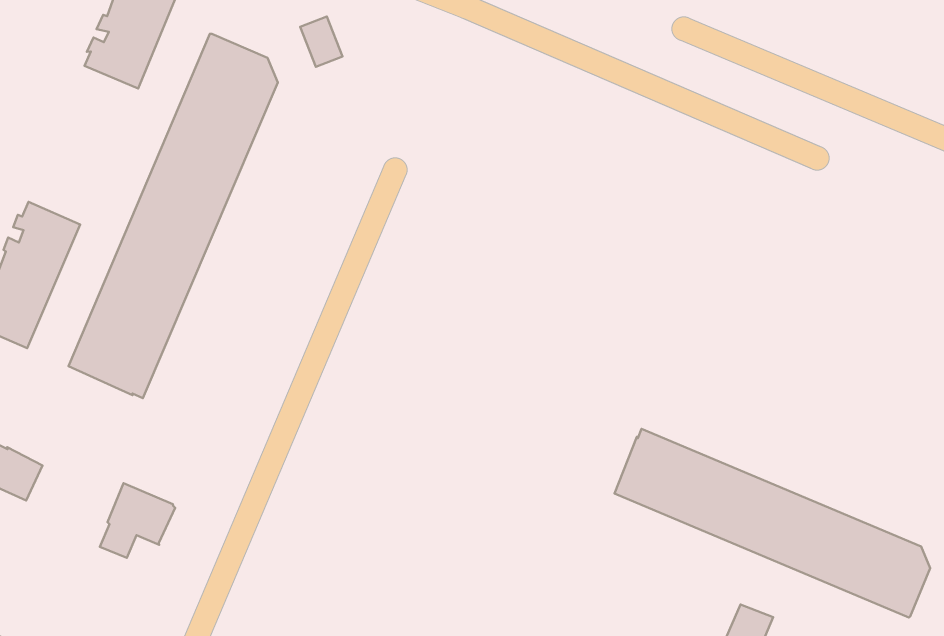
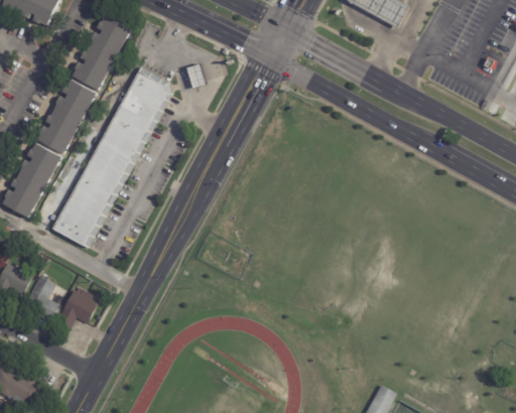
building: none -> [38,79,96,153]
building: [615,429,930,618] -> none
building: none -> [23,276,57,318]

